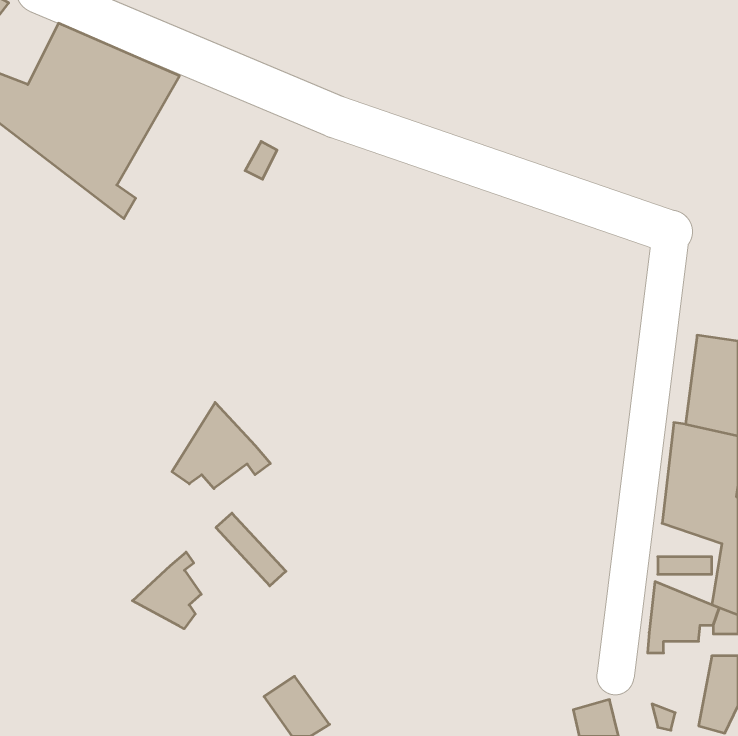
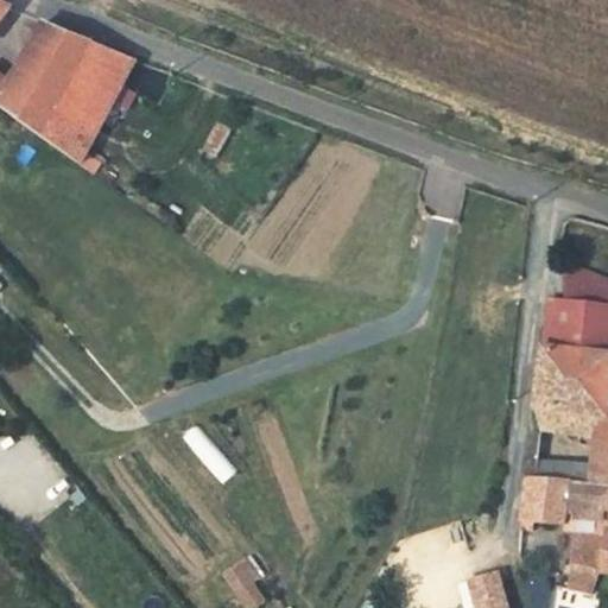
building: [172,402,270,489] -> none
building: [132,552,201,629] -> none

